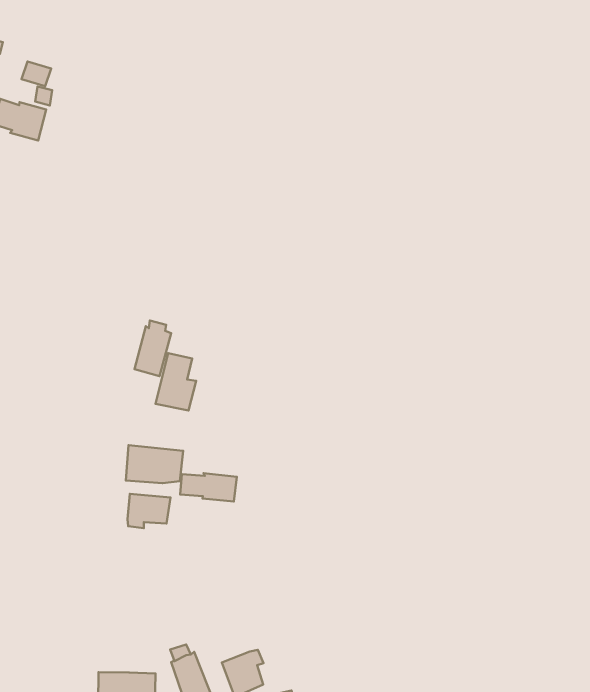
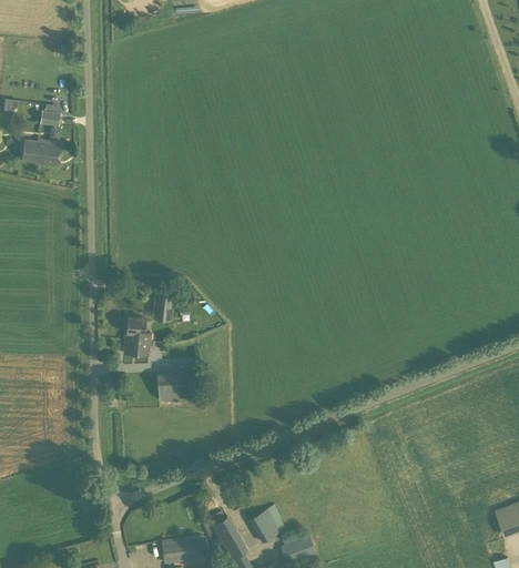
building: [156,353,196,410] -> [124,317,151,356]
building: [180,473,237,502] -> none
building: [127,494,171,528] -> none

